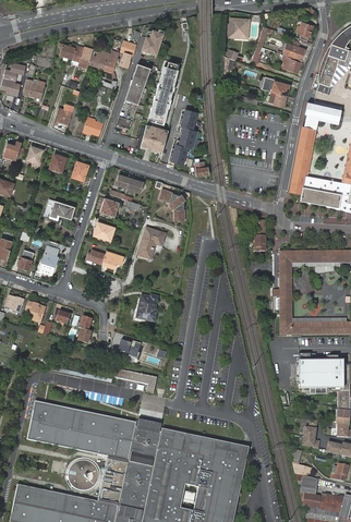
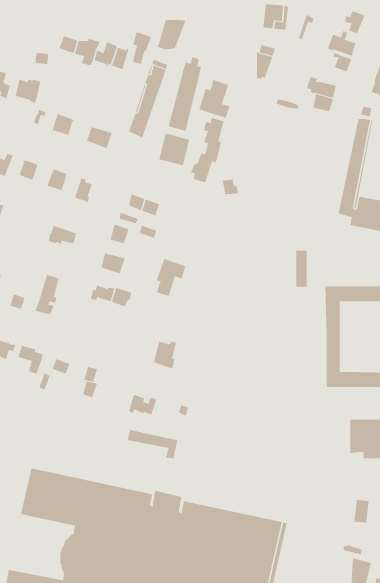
building: none -> [199,79,231,118]
building: [158,190,184,220] -> none

